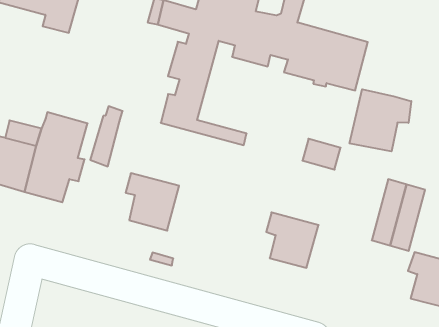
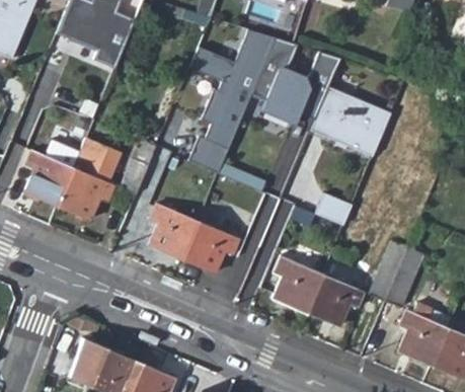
building: [350,89,411,151] -> none
building: none -> [182,220,240,272]
building: none -> [305,272,364,324]

